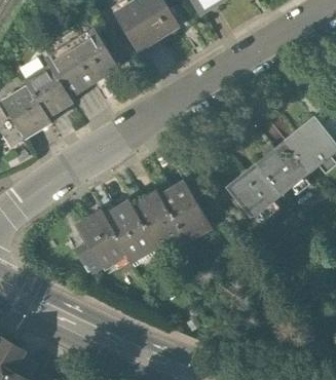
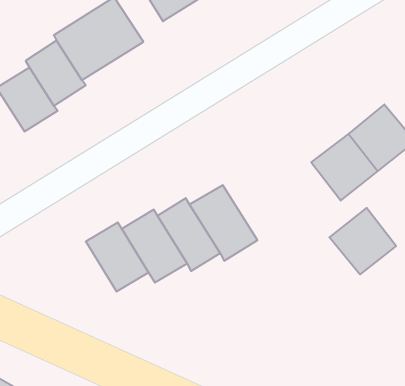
building: [224,164,277,218] -> [329,208,396,274]

